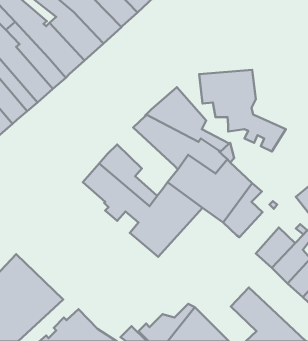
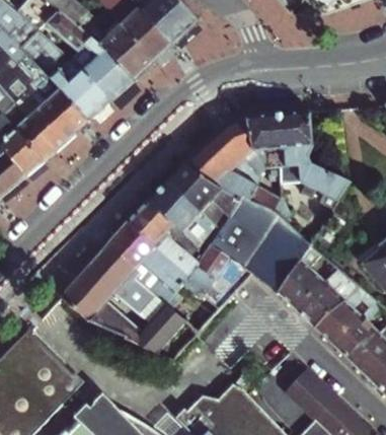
building: none -> [221,116,266,173]
building: none -> [150,178,218,251]
building: none -> [64,243,185,359]
building: none -> [295,279,341,328]

